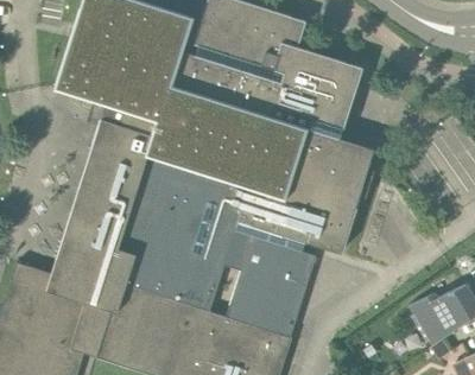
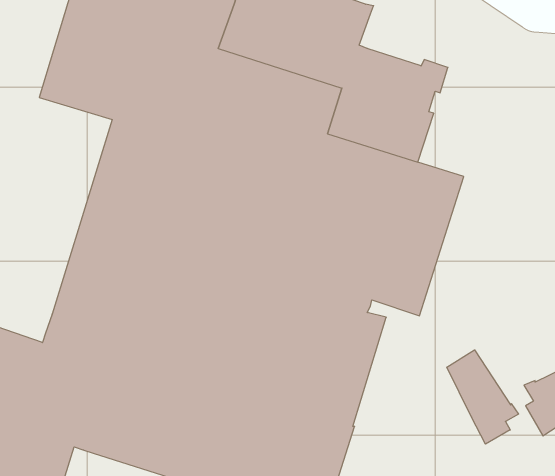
building: none -> [447,350,519,444]

